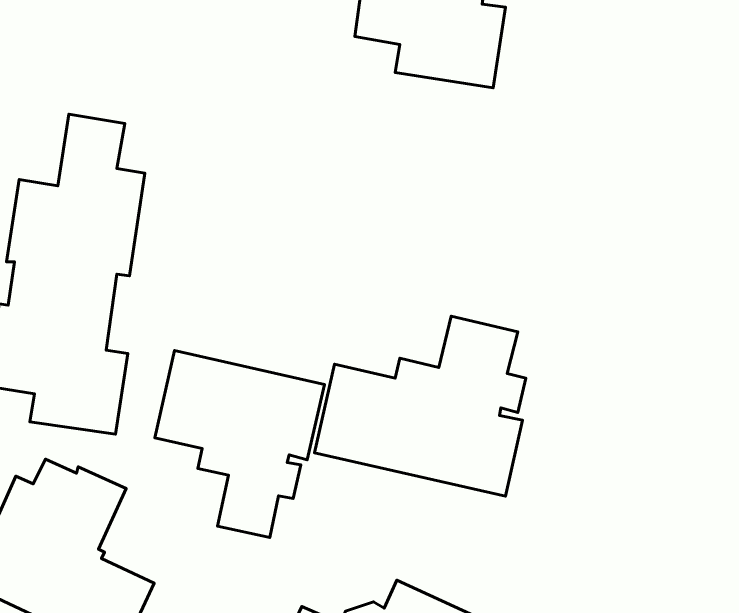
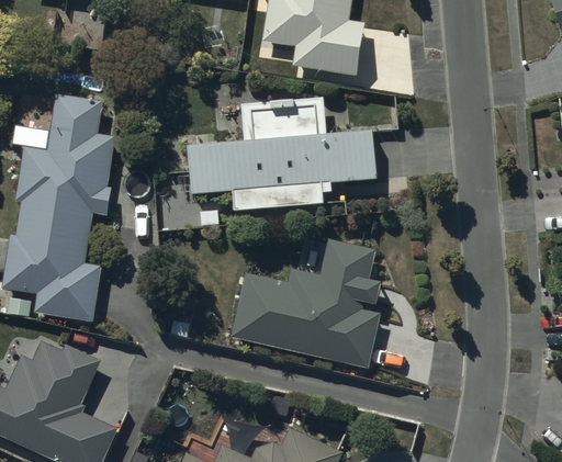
building: none -> [188,99,375,212]
building: [155,351,324,538] -> none

